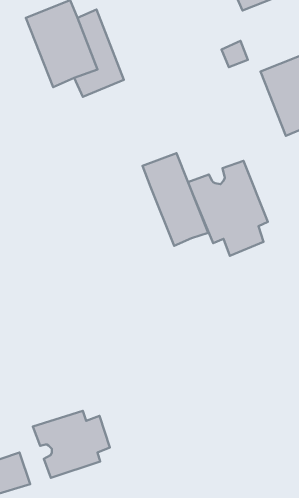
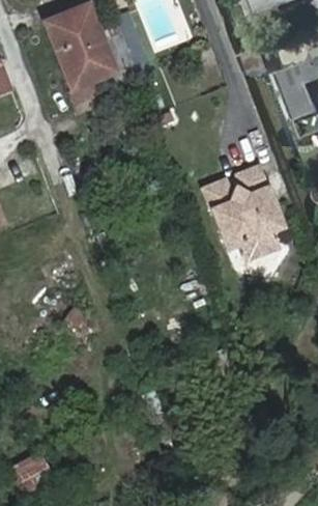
building: [143,153,208,246] -> none
building: [33,411,110,478] -> none

